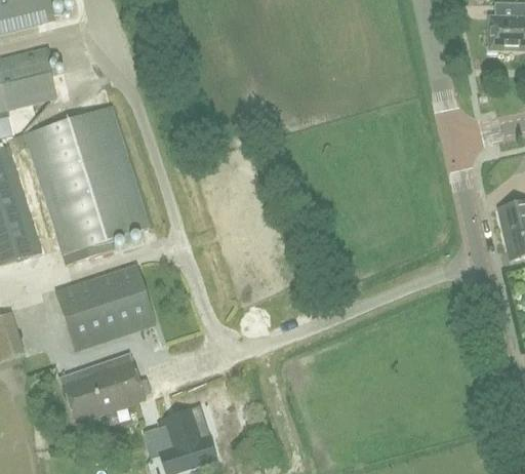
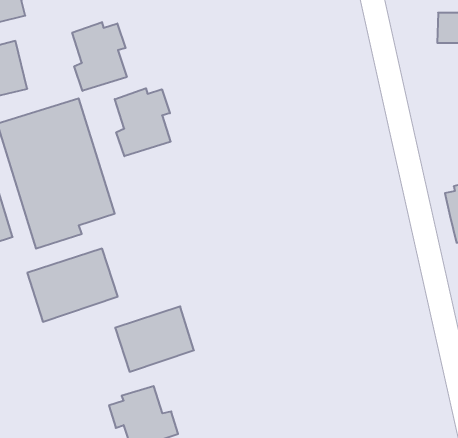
building: none -> [72,22,127,91]
building: none -> [115,88,171,156]
building: [60,353,144,422] -> [115,306,194,372]

